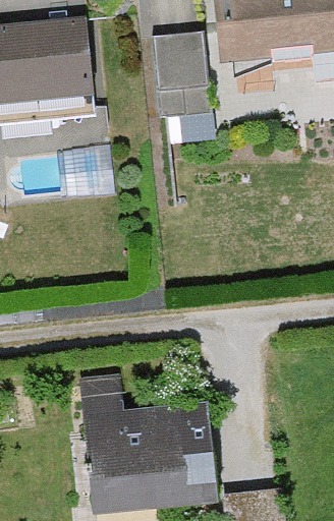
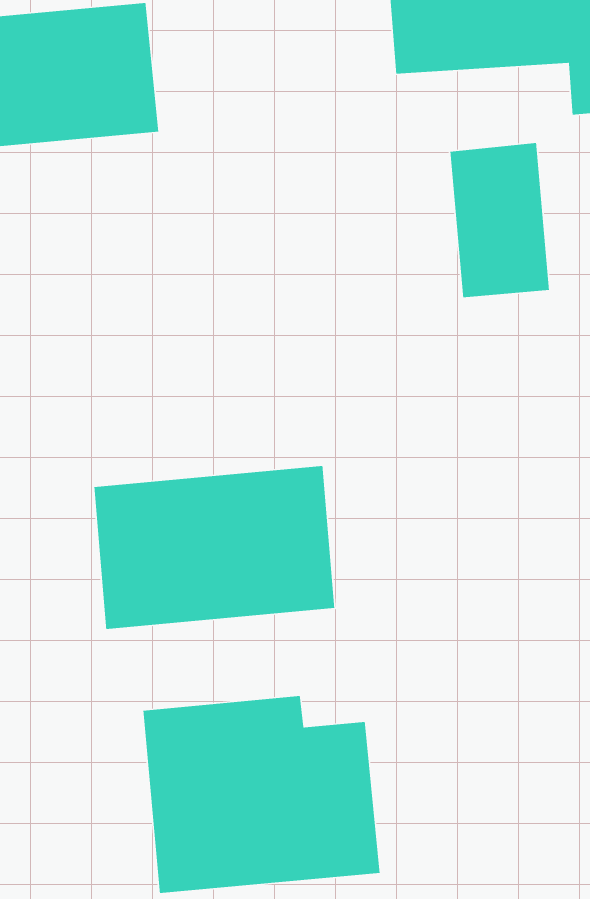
building: [154,31,209,116] -> [450,142,550,298]
building: none -> [93,465,335,630]

